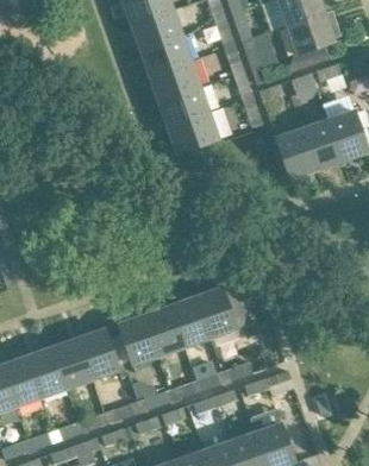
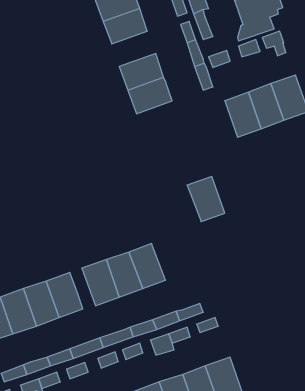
building: [151,61,200,100] -> none
building: [195,286,237,336] -> [187,177,225,222]

